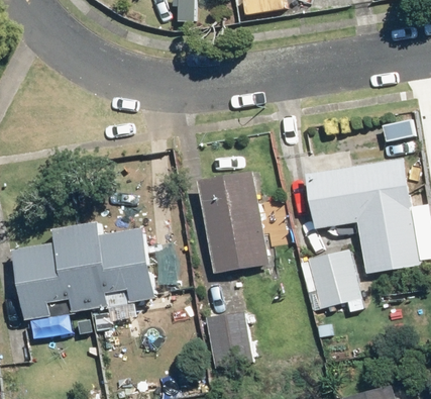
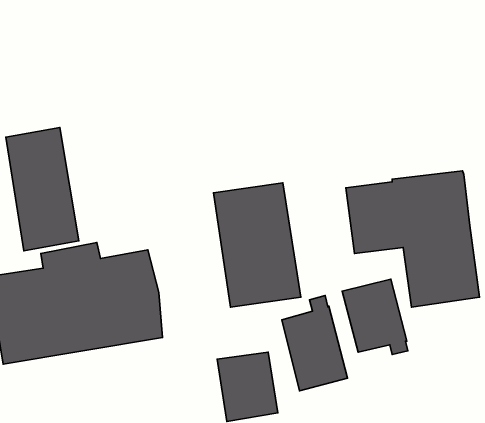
building: none -> [6,127,79,251]
building: none -> [282,296,347,391]

